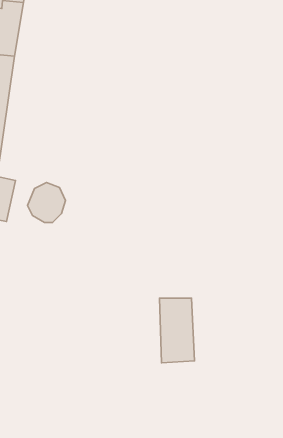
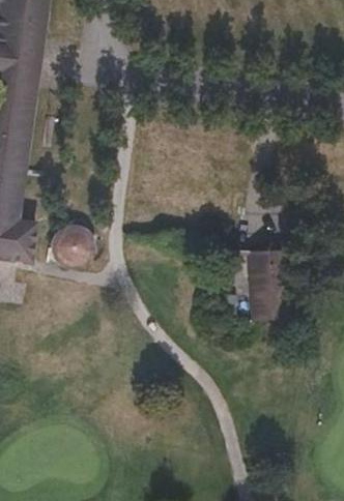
building: [160,298,194,363] -> [246,252,282,319]

